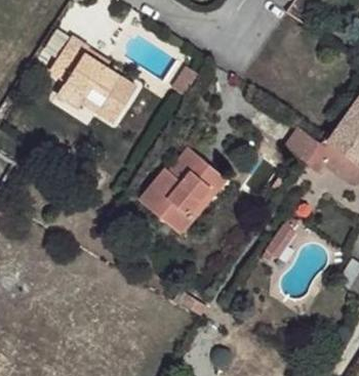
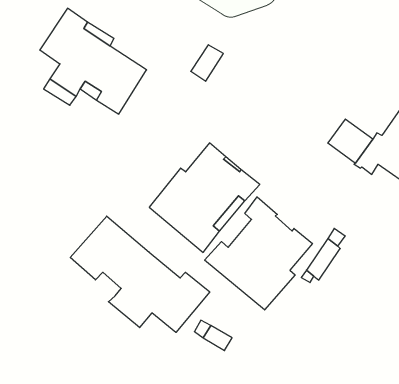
building: none -> [205,197,312,310]
building: none -> [70,216,210,332]

